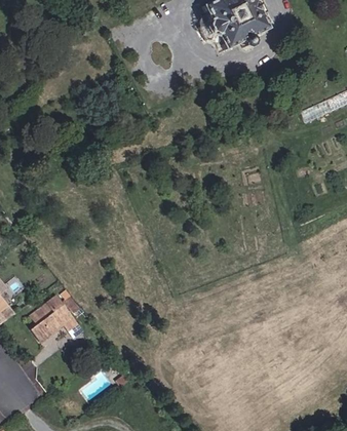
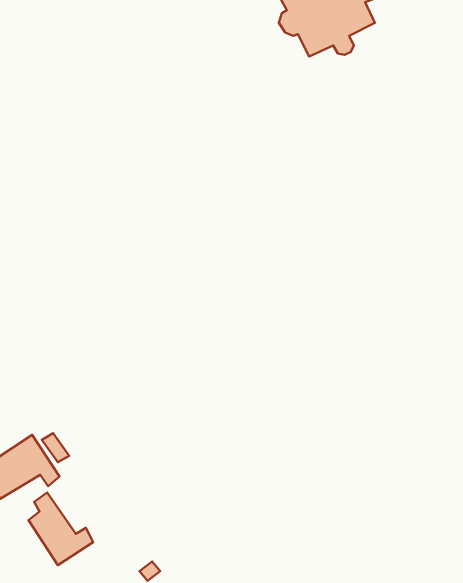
building: none -> [29,492,93,565]

